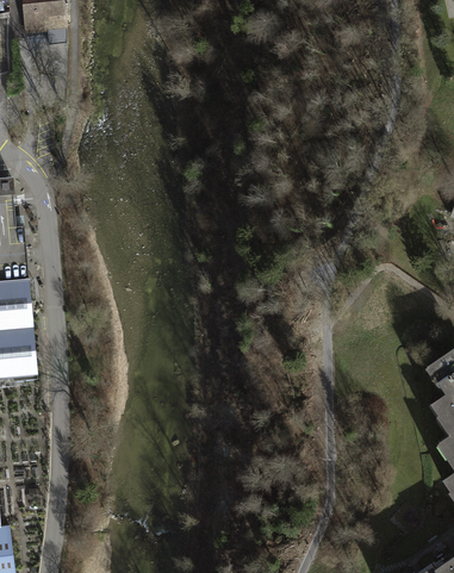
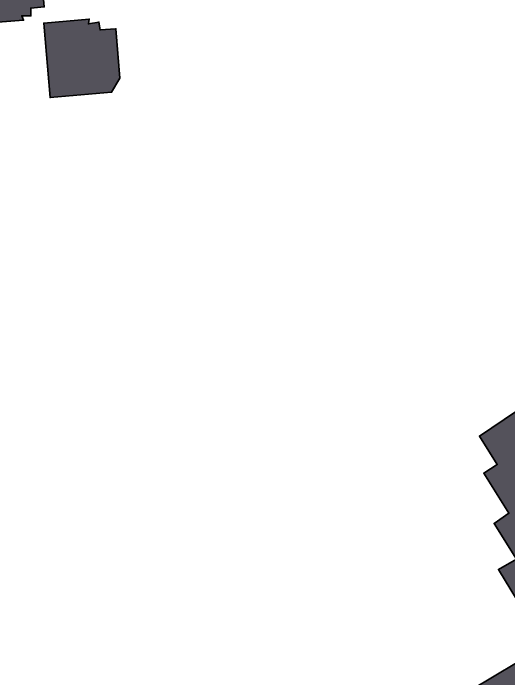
building: none -> [44,19,120,97]

